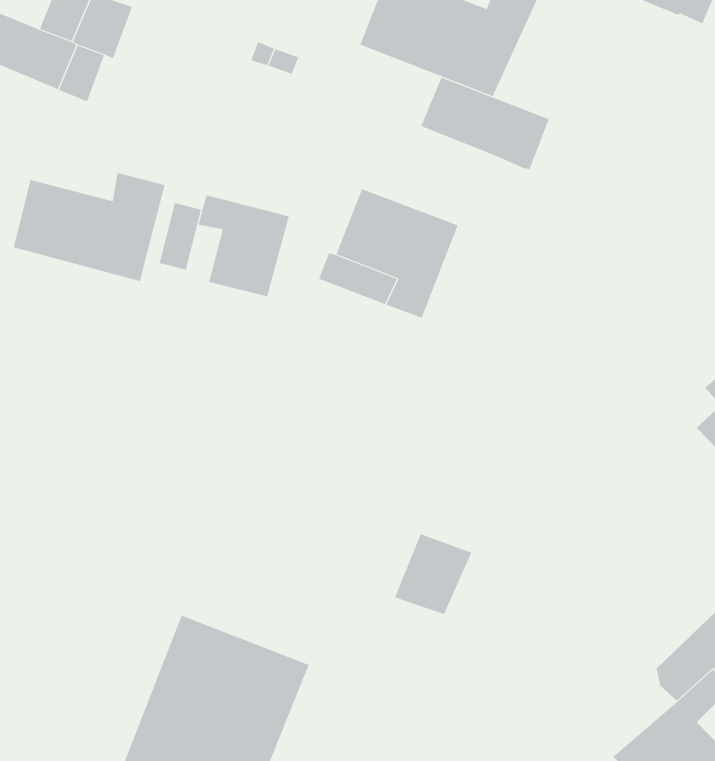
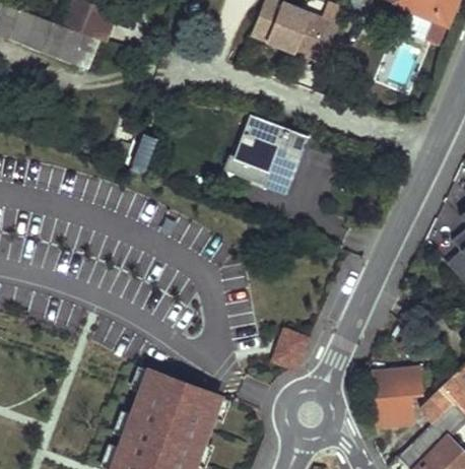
building: [420,77,550,170] -> none
building: [13,172,165,282] -> none
building: [198,194,289,297] -> none
building: none -> [374,367,421,421]

